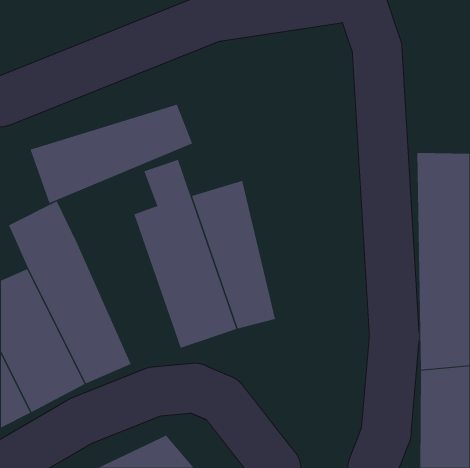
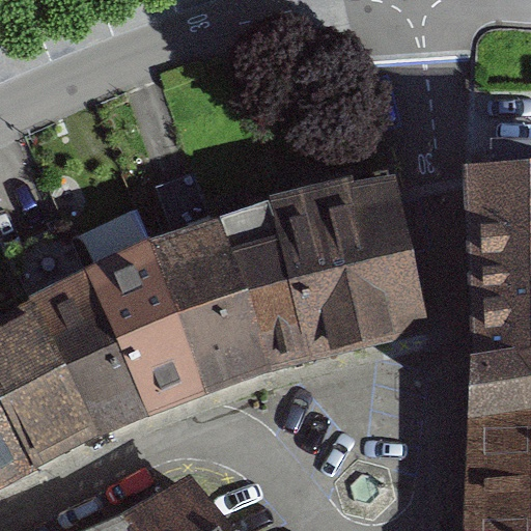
building: [30,104,193,204] -> none
building: none -> [274,176,429,360]
building: none -> [87,242,203,411]

